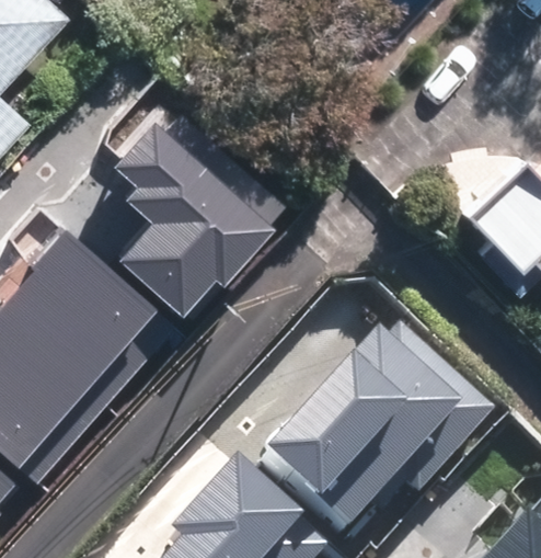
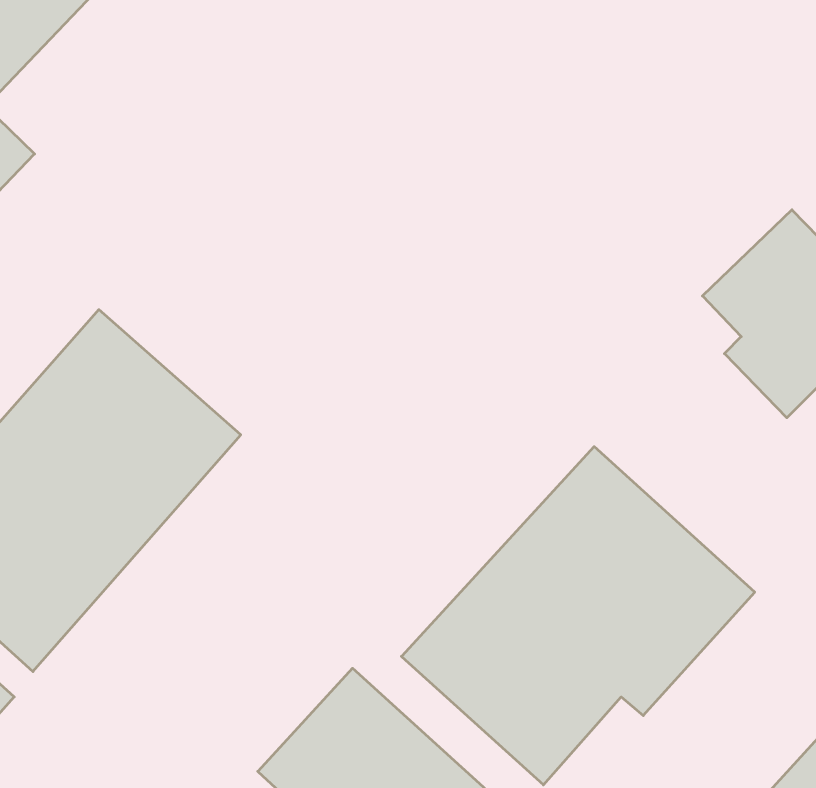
building: [107,112,285,314] -> none

